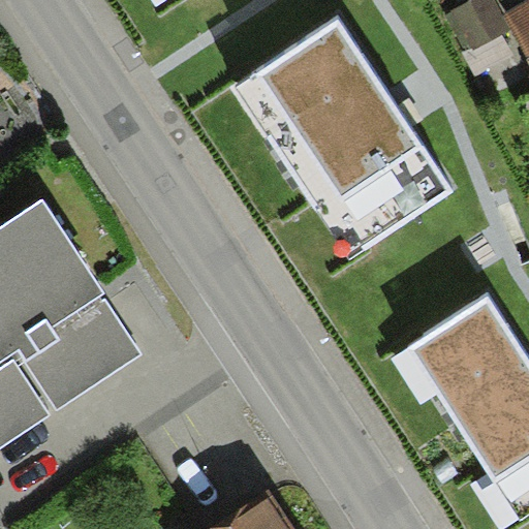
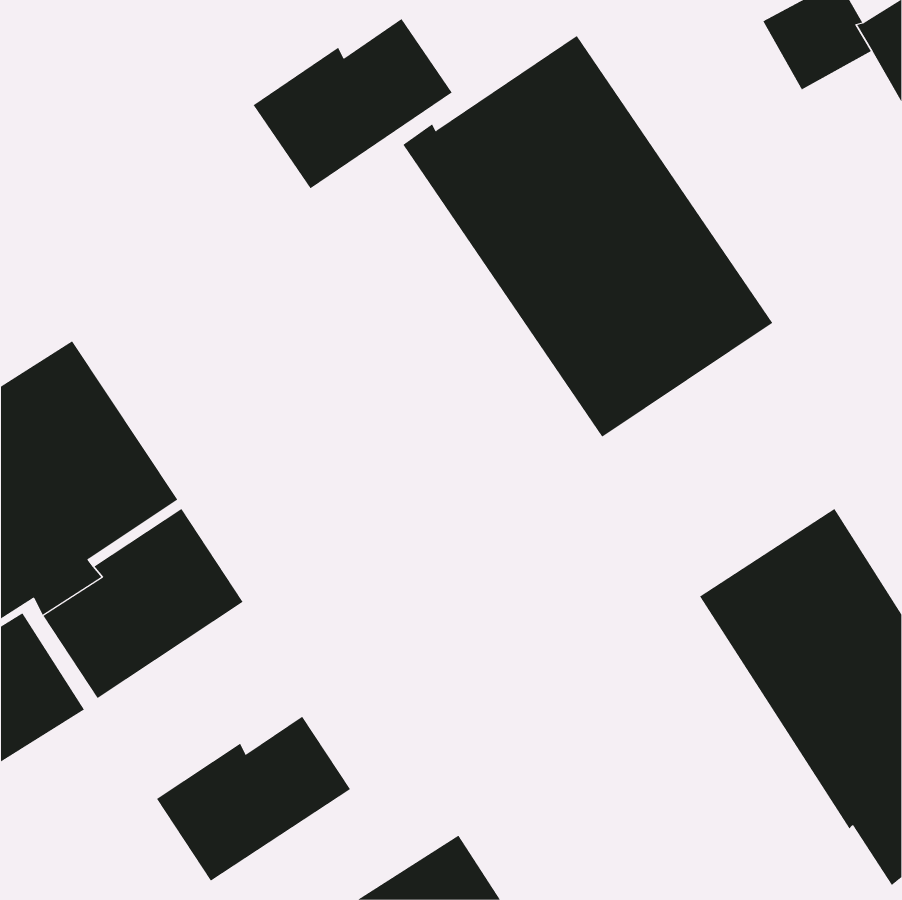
building: none -> [253,18,452,189]
building: none -> [156,716,351,881]

